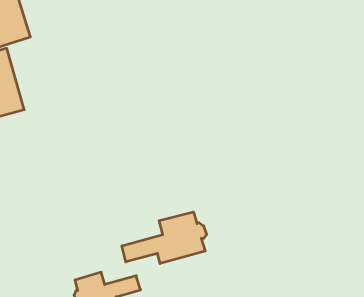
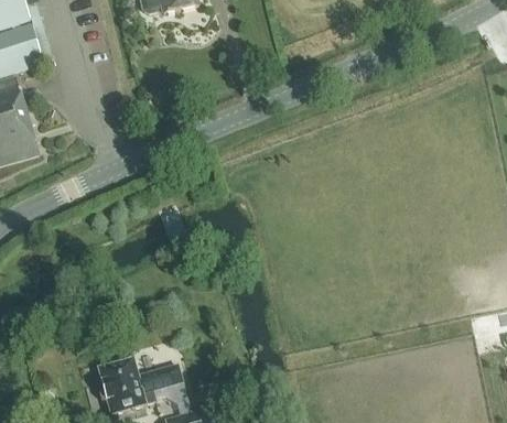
building: [122,212,207,264] -> none

